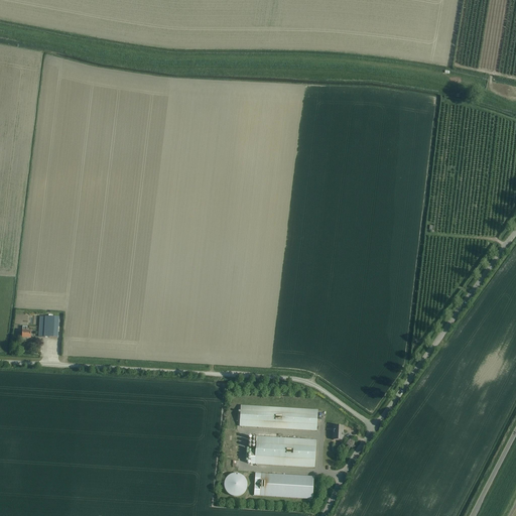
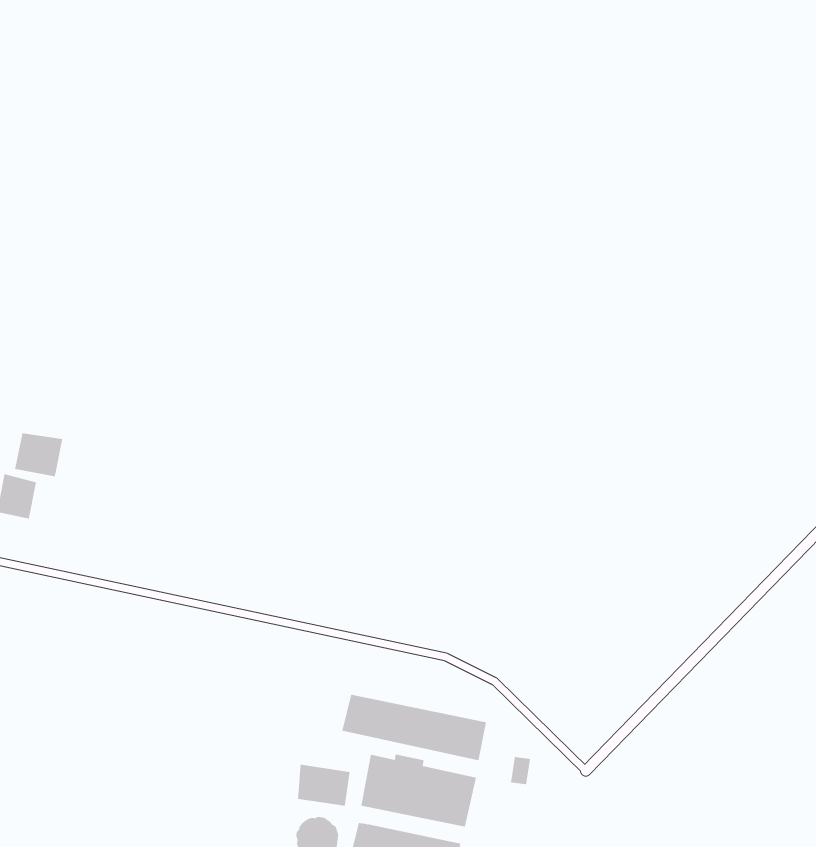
building: none -> [15,432,63,477]
building: none -> [298,764,350,806]

